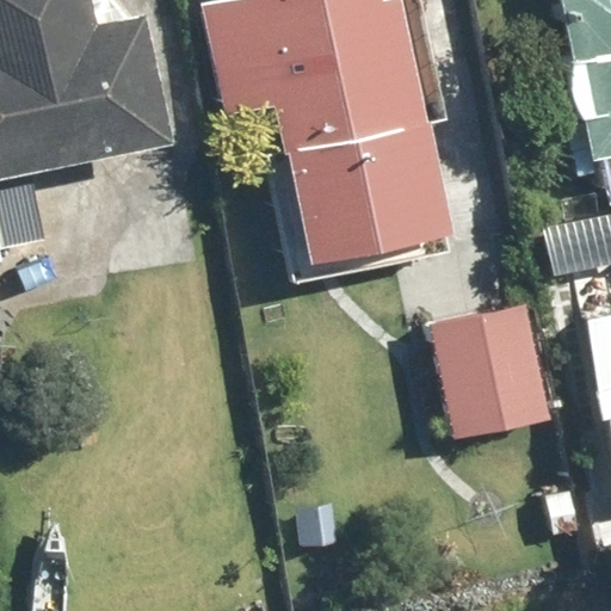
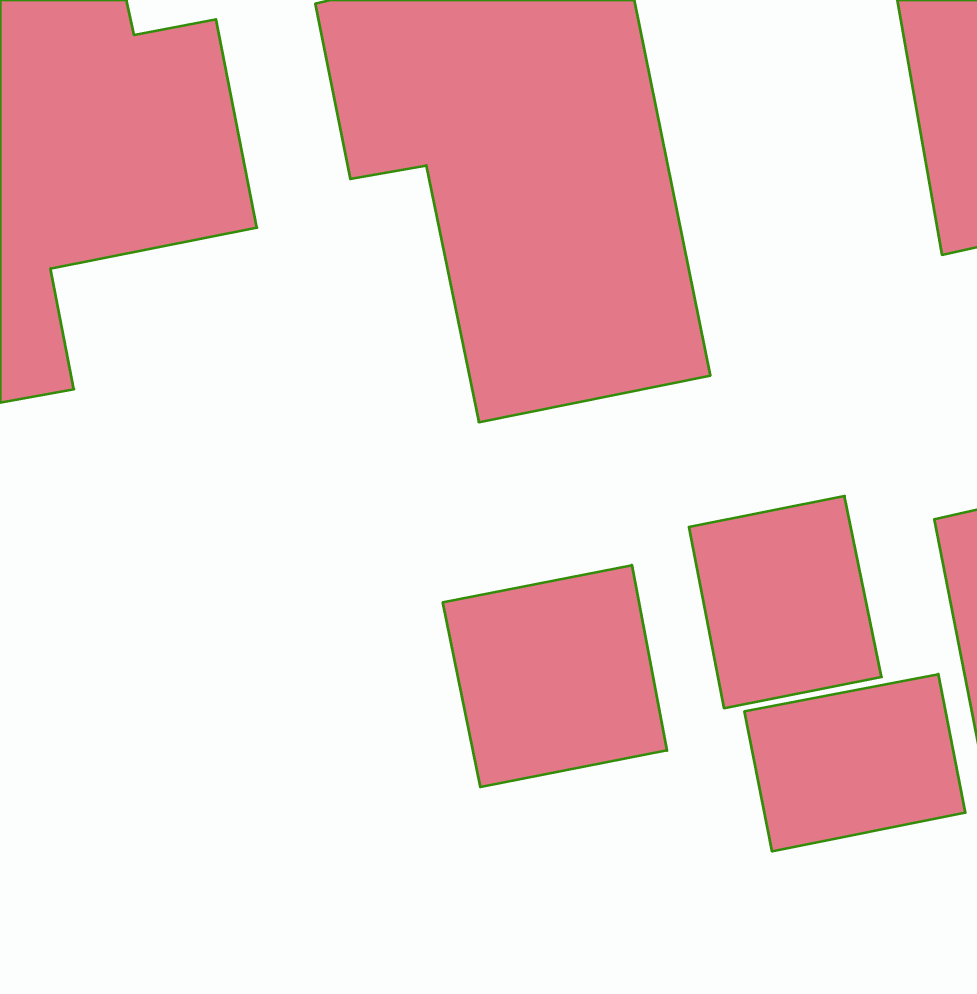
building: none -> [443,565,667,787]
building: none -> [745,674,965,851]

